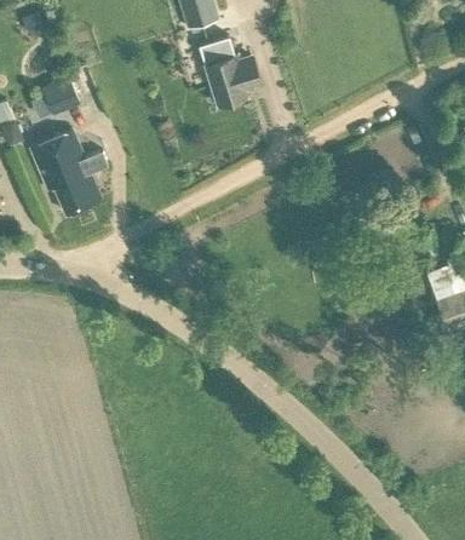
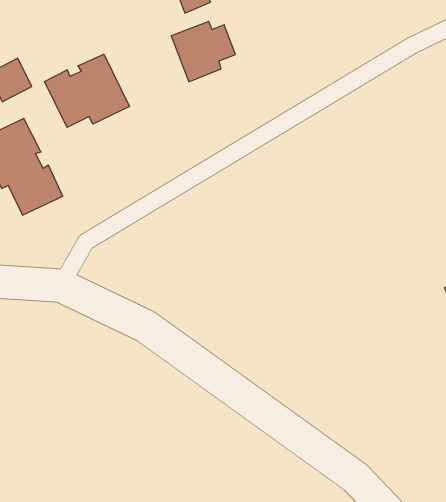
building: none -> [44,54,129,127]

